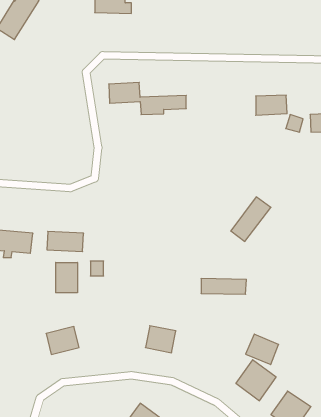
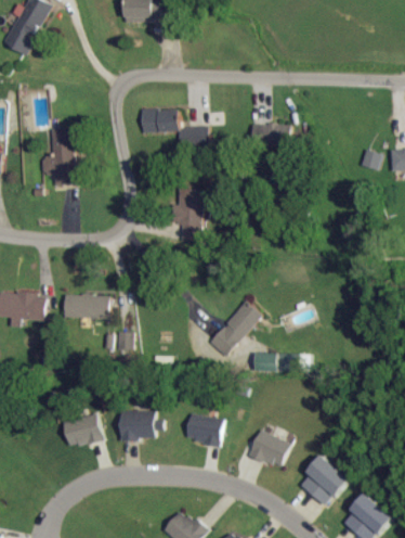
building: [256,95,287,115] -> [251,123,290,148]
building: none -> [40,128,75,184]
building: none -> [171,190,208,242]
building: [231,197,271,241] -> [211,300,261,356]
building: [56,262,77,293] -> none
building: none -> [119,409,162,438]
building: [246,334,279,365] -> [248,428,289,466]

